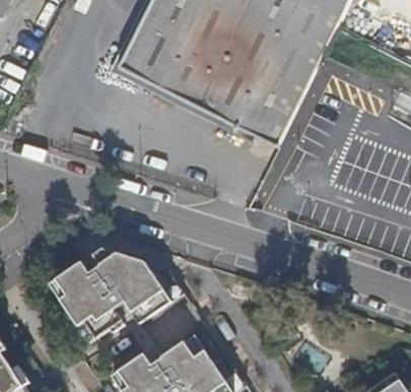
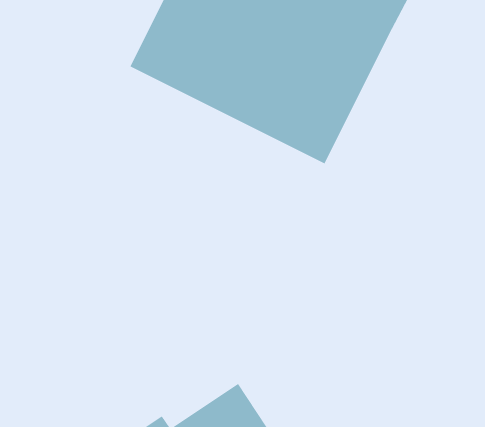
building: [47,246,182,340] -> none

